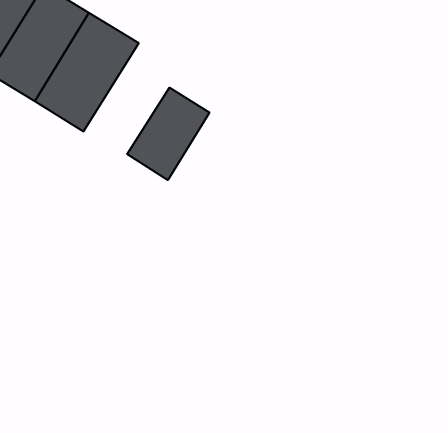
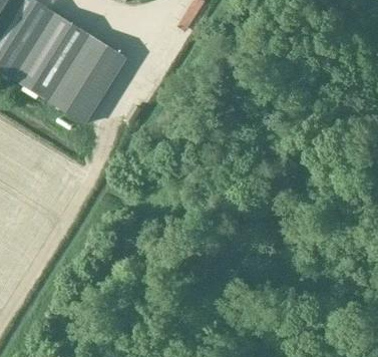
building: [127,88,209,180] -> none

